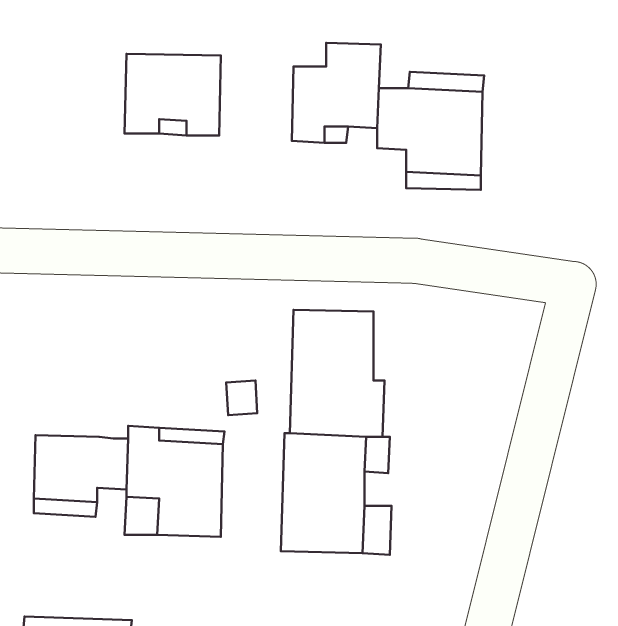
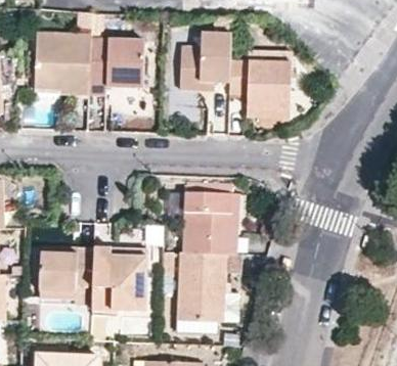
building: none -> [38,30,91,88]

